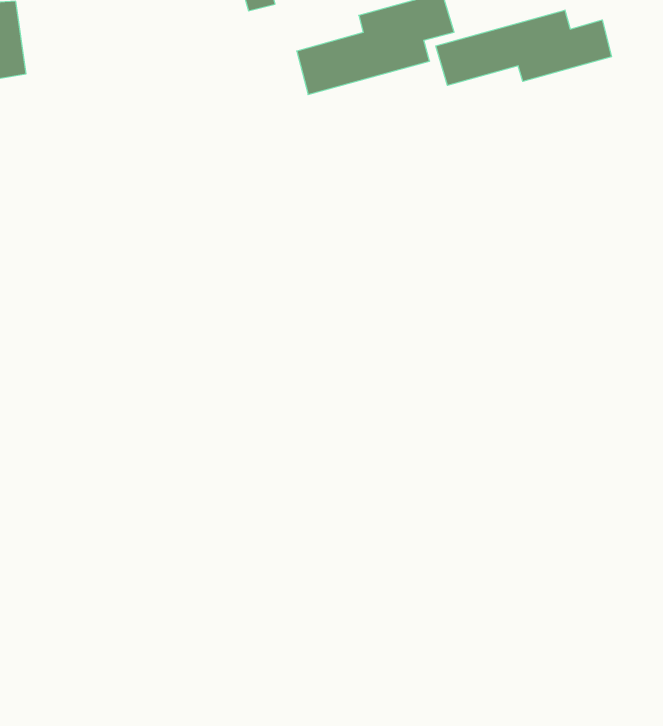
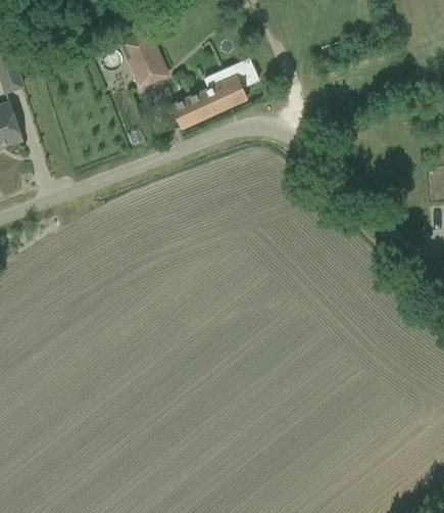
building: [436,10,612,85] -> none

